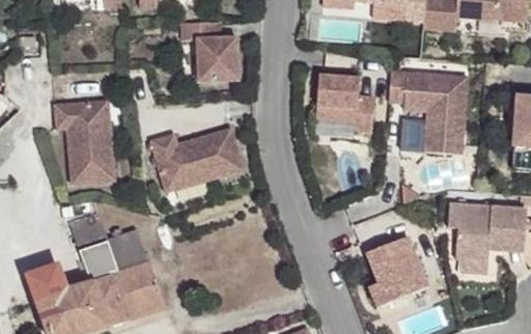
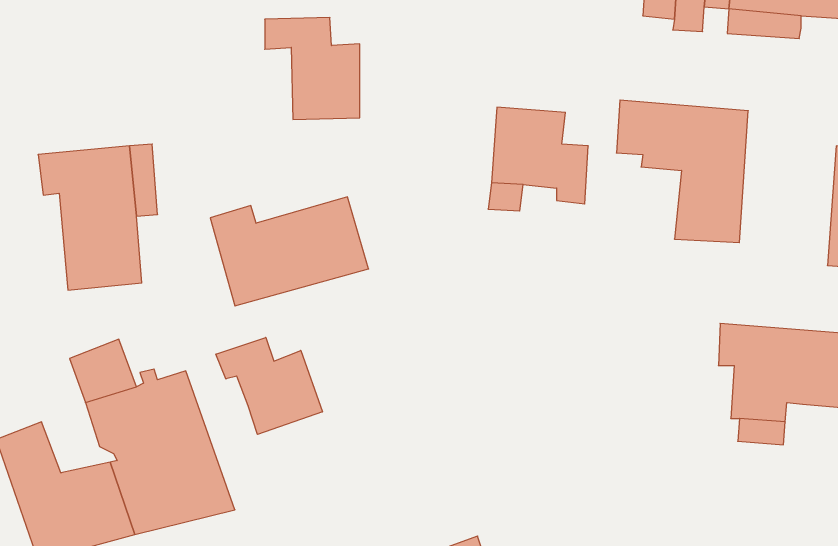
building: [400,109,427,151] -> none
building: none -> [216,337,322,434]
building: [365,235,426,306] -> none

